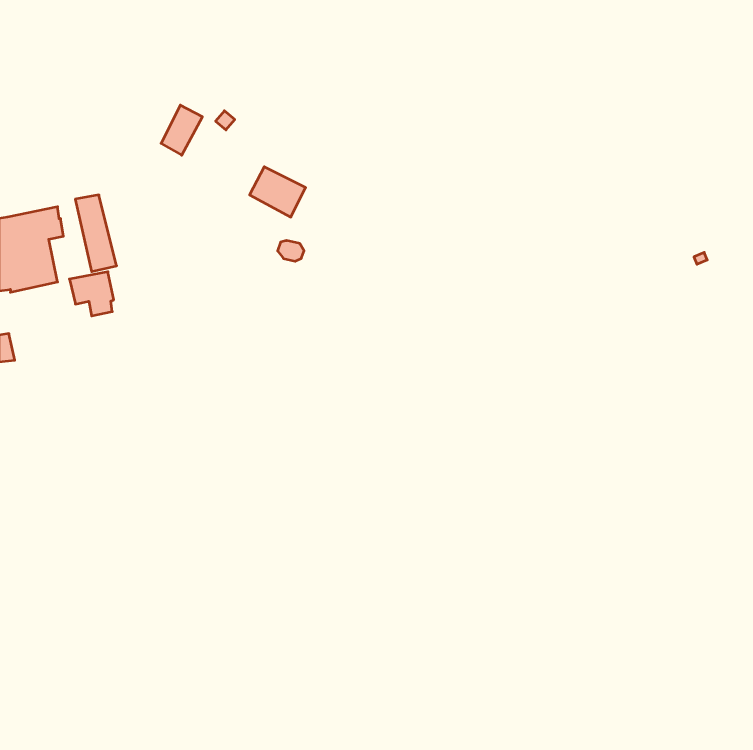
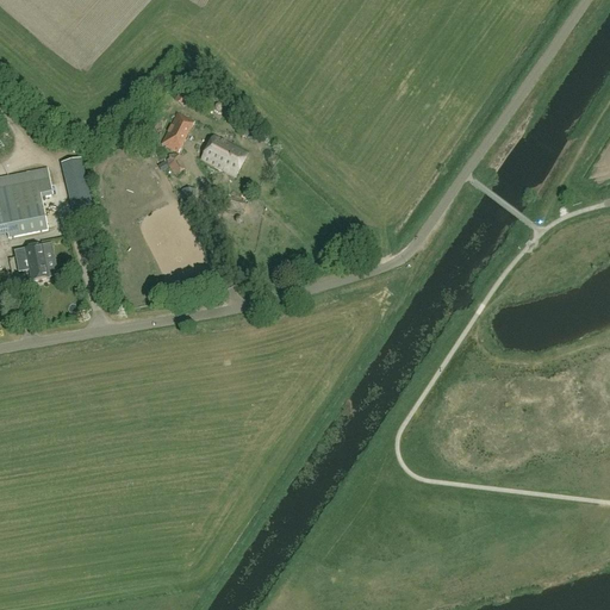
building: [161,105,202,155] -> [161,111,194,151]
building: [69,272,114,316] -> [13,244,49,280]

